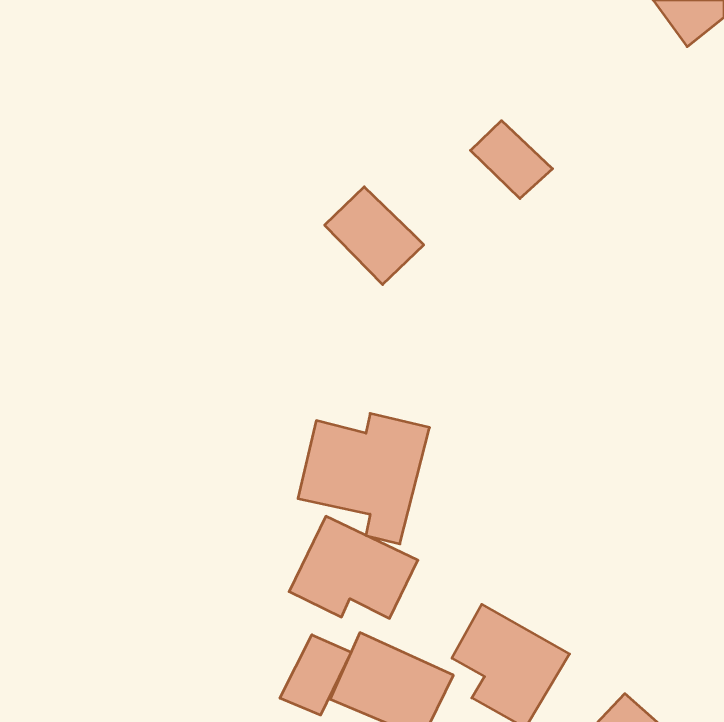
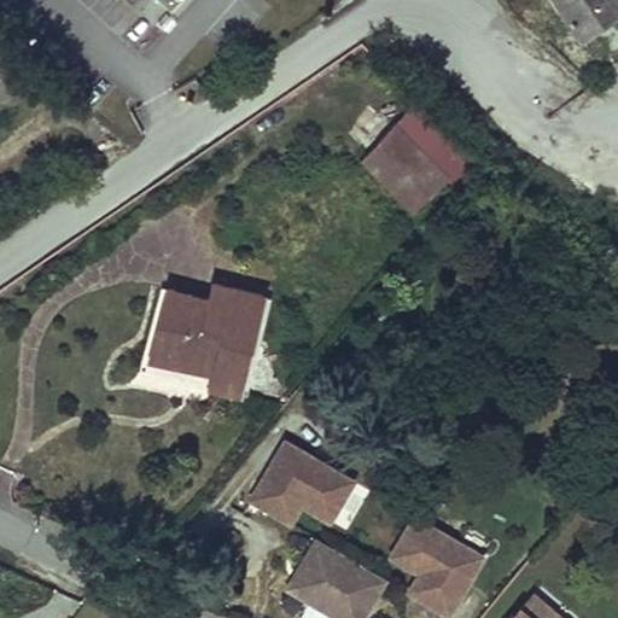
building: [325,187,424,285] -> [367,130,451,214]
building: [298,413,430,544] -> [154,285,267,396]
building: [280,635,351,715] -> none

